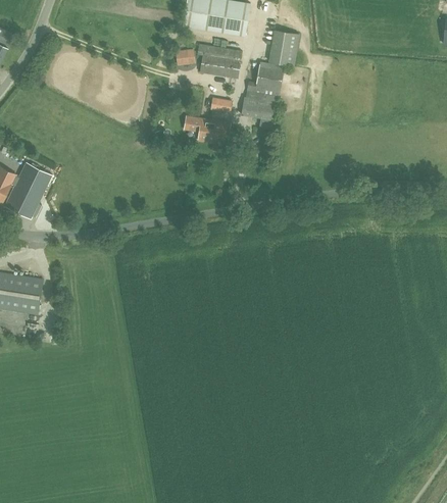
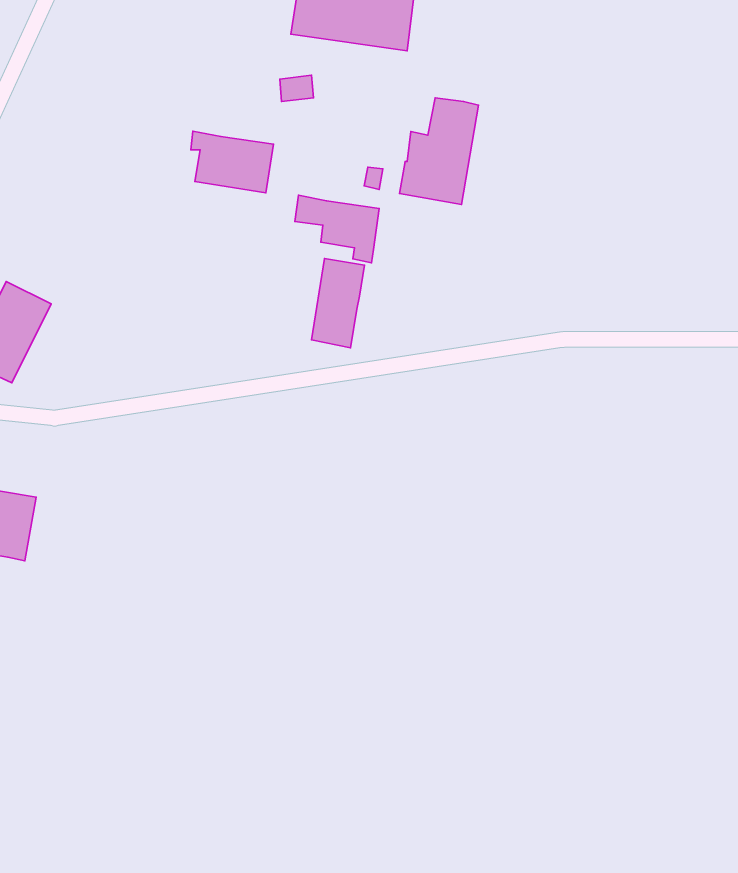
building: [269,30,298,65] -> none
building: [197,44,242,78] -> [191,131,273,193]
building: none -> [311,259,365,348]

